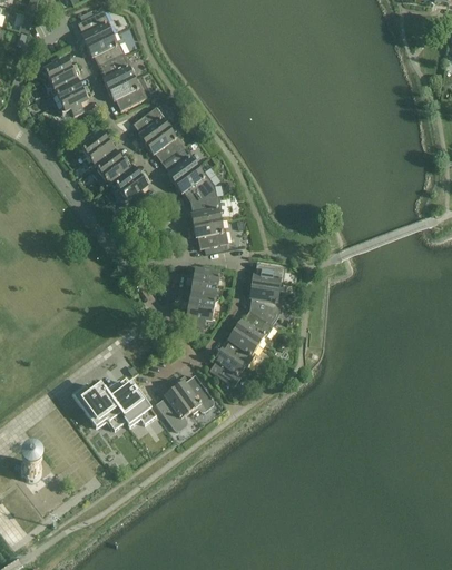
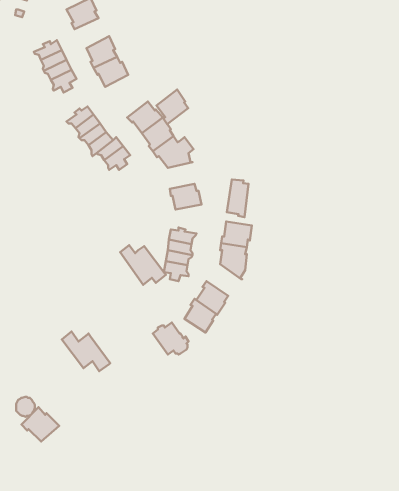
building: [86,32,125,66] -> none
building: [132,105,168,144] -> [156,89,188,124]
building: [190,194,222,224] -> none
building: none -> [227,180,248,217]
building: [234,308,273,344] -> none
building: [105,381,156,425] -> [120,245,166,285]
building: [155,386,190,430] -> none
building: none -> [21,407,59,442]

